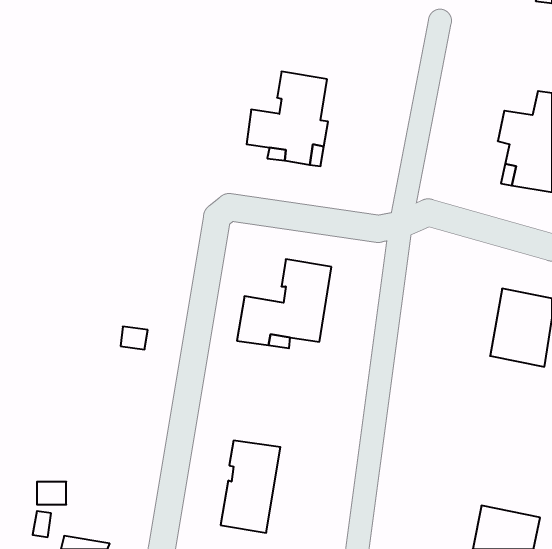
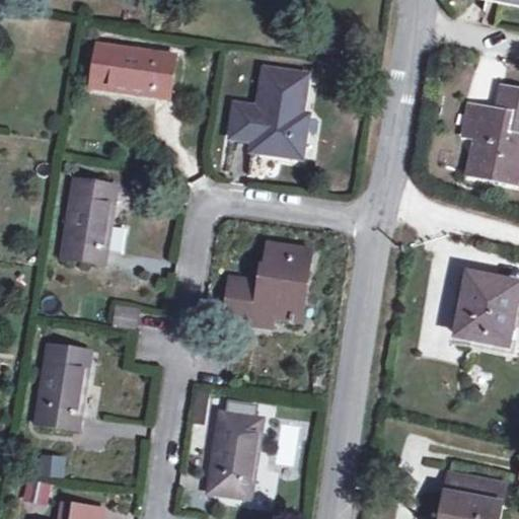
building: none -> [88,42,174,117]
building: none -> [61,177,116,263]
building: none -> [34,343,88,428]

